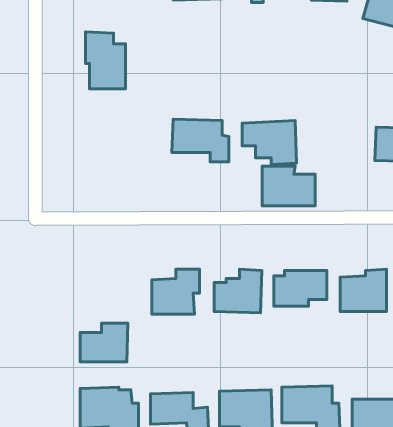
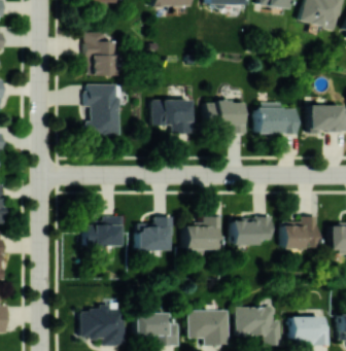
building: none -> [85,84,120,136]
building: [262,166,315,206] -> [257,103,299,134]
building: [80,323,128,362] -> [84,216,122,246]

